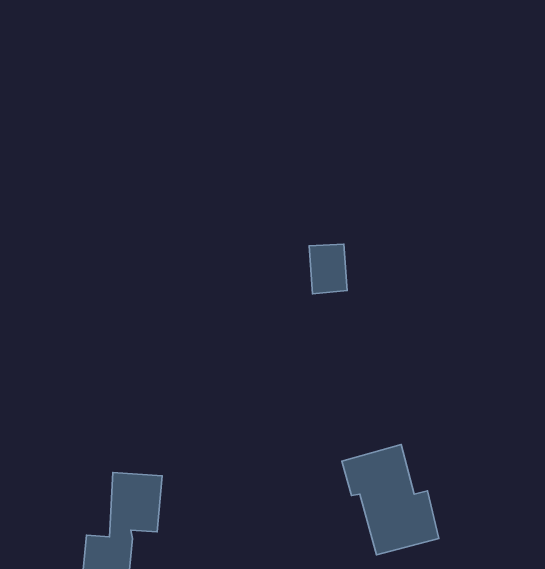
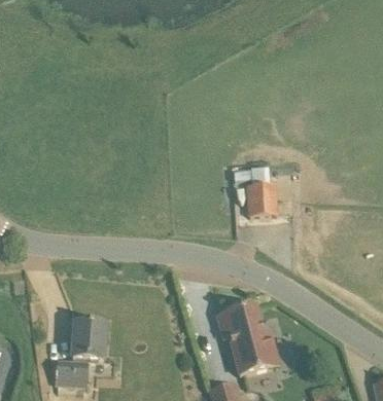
building: [309,244,347,294] -> [248,182,272,213]

